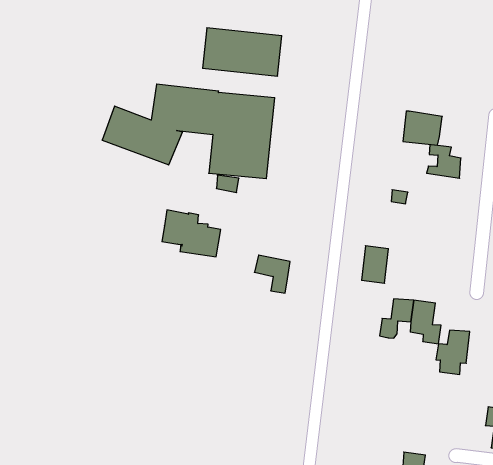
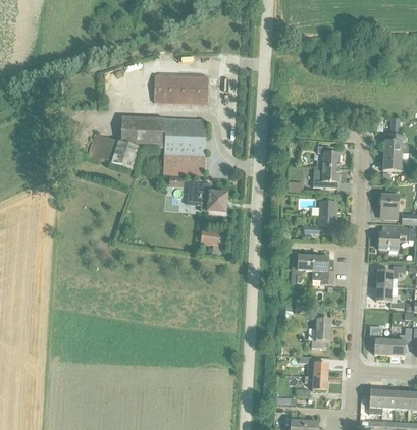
building: [403,111,442,145] -> [312,164,338,186]
building: [162,210,221,257] -> [186,180,226,211]
building: [362,246,388,283] -> [318,200,335,225]
building: [436,330,470,374] -> [307,317,329,347]

